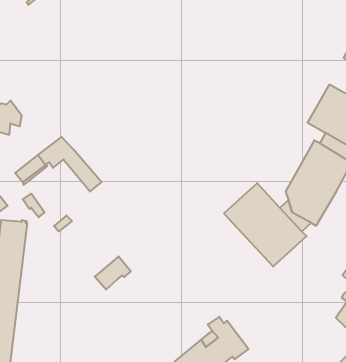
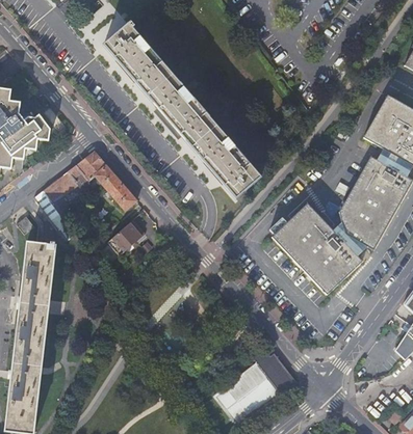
building: none -> [102,21,259,197]
building: [95,256,131,290] -> [107,219,147,255]

